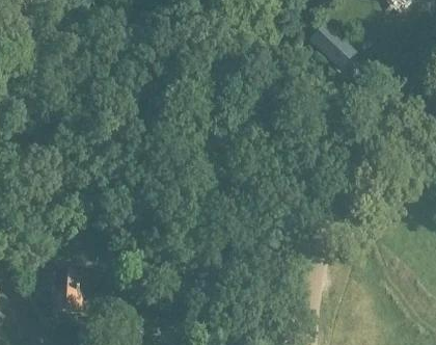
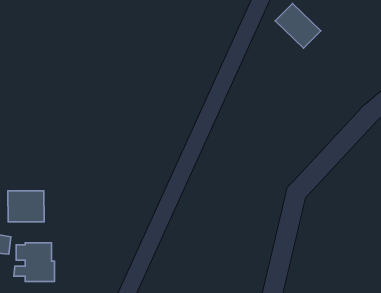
building: none -> [8,191,44,222]

